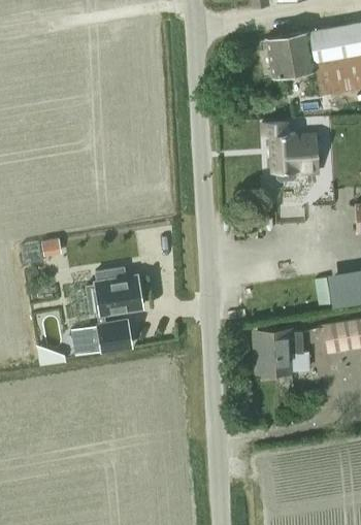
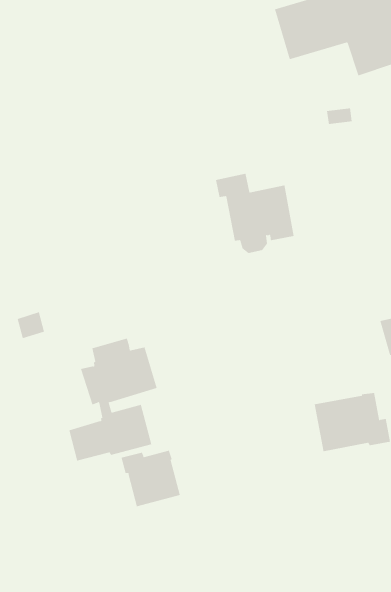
building: [263,121,317,181] -> [215,173,295,253]
building: none -> [121,450,181,507]

